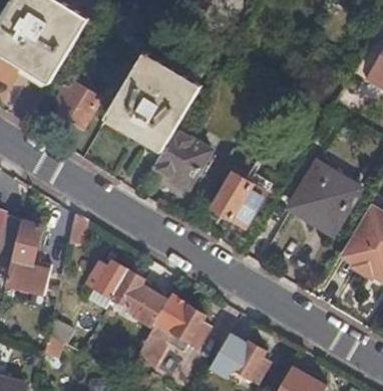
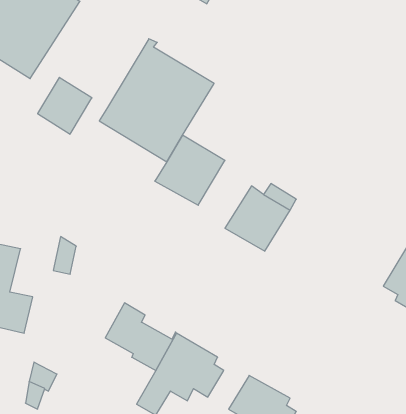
building: [291,165,356,228] -> none
building: [86,260,127,299] -> none

